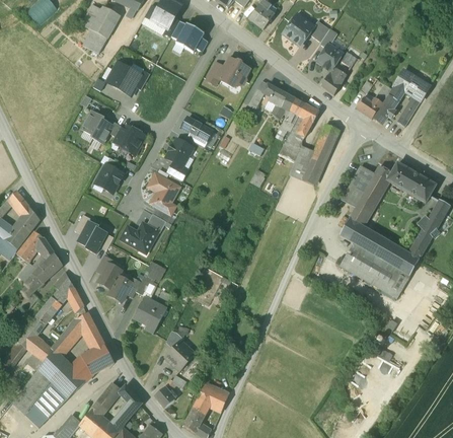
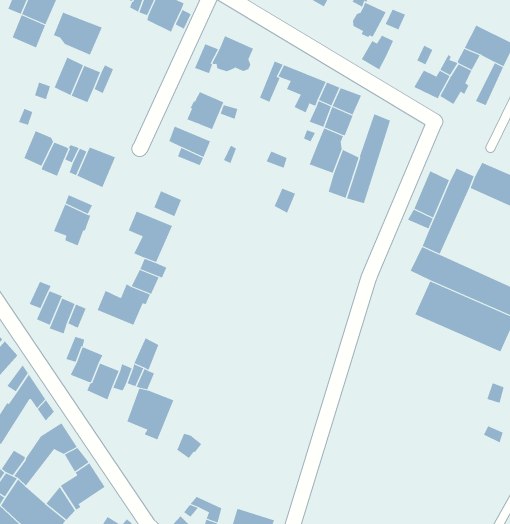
building: none -> [53,12,102,56]
building: [165,138,193,165] -> [186,92,224,130]
building: [166,344,196,370] -> none

